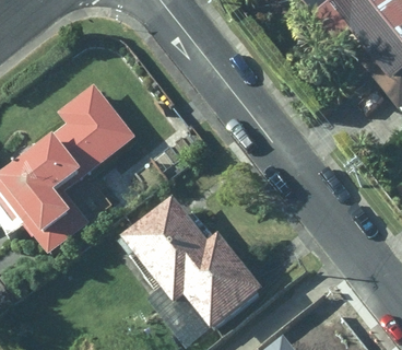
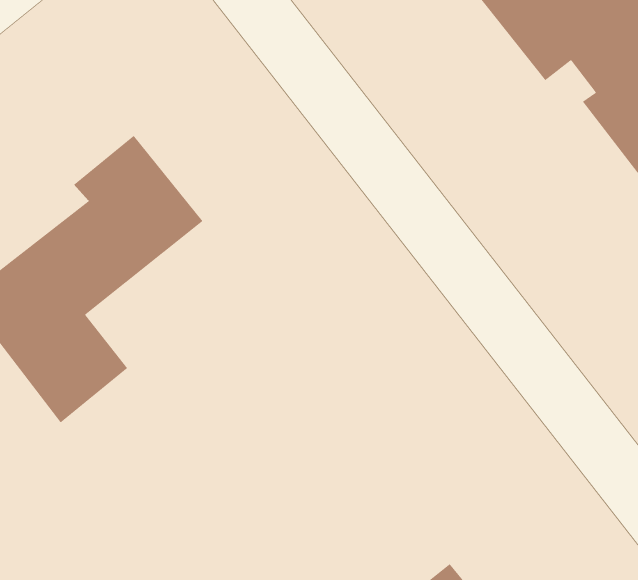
building: [123,195,265,328] -> none

